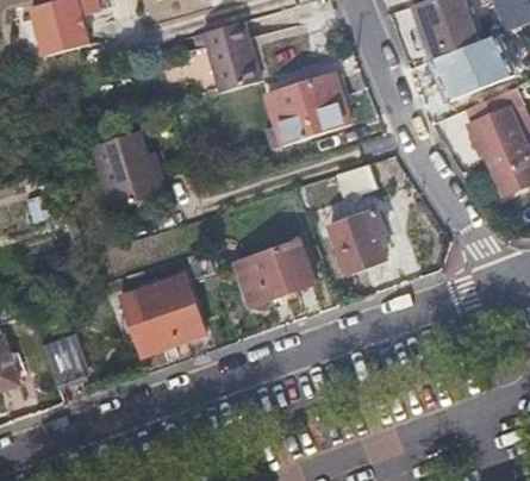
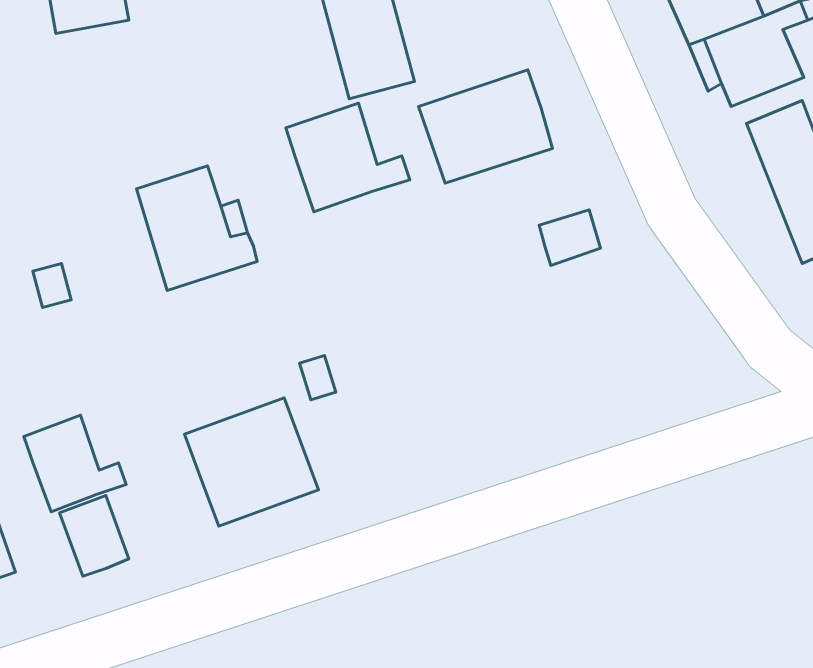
building: none -> [286,103,410,212]
building: [328,208,385,273] -> none
building: [233,243,312,307] -> none
building: none -> [24,415,126,512]

